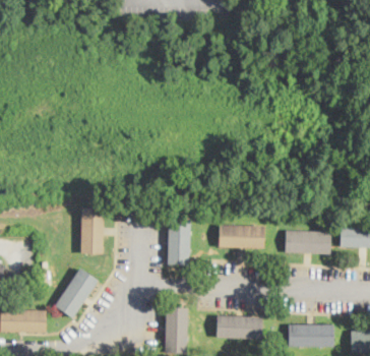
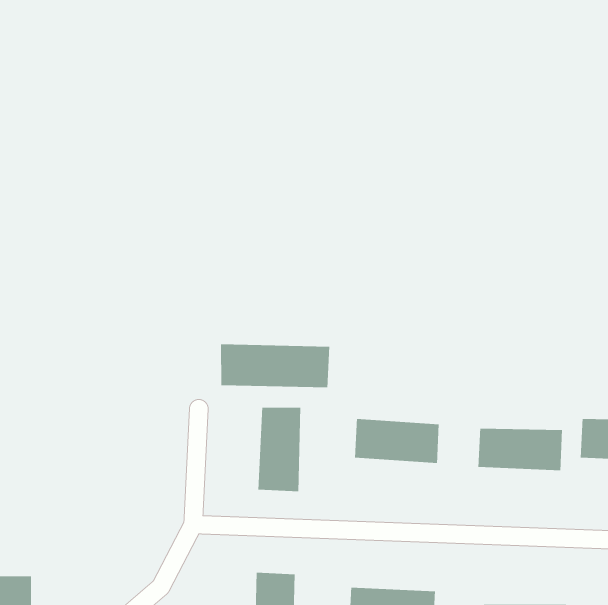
building: none -> [220,344,330,388]
building: [80,210,103,253] -> none
building: [55,269,98,318] -> none

